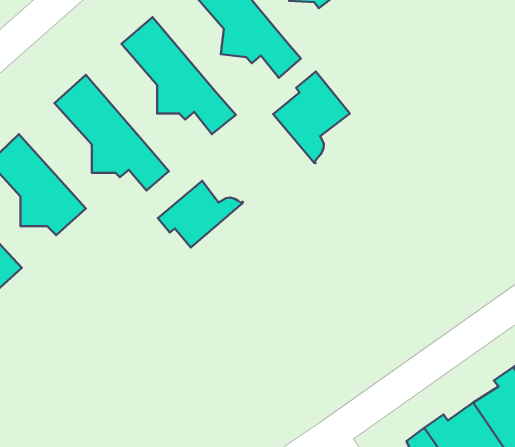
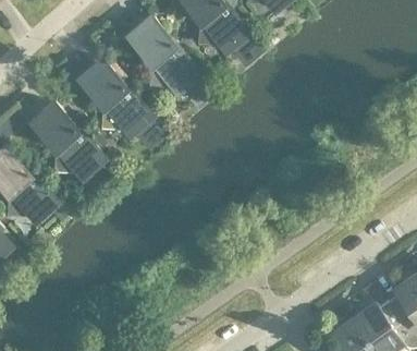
building: [273,71,350,163] -> none
building: [158,181,243,248] -> none

